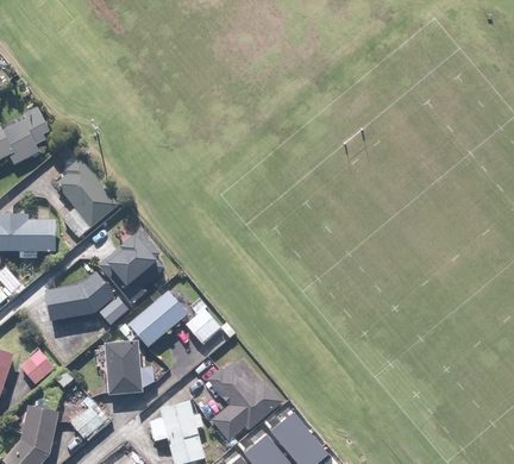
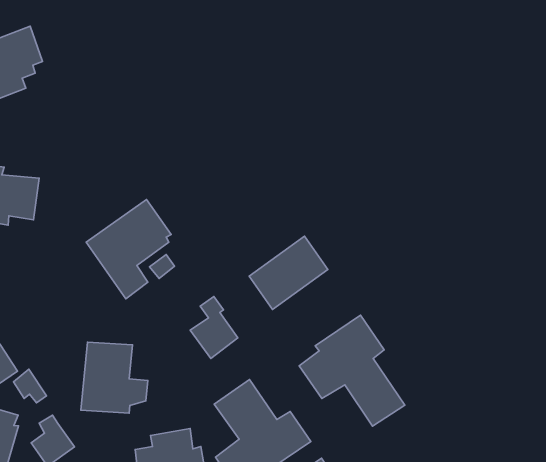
building: [55,159,118,238] -> none
building: [44,270,126,325] -> none
building: [127,289,187,347] -> [249,236,328,310]
building: none -> [299,315,405,426]

